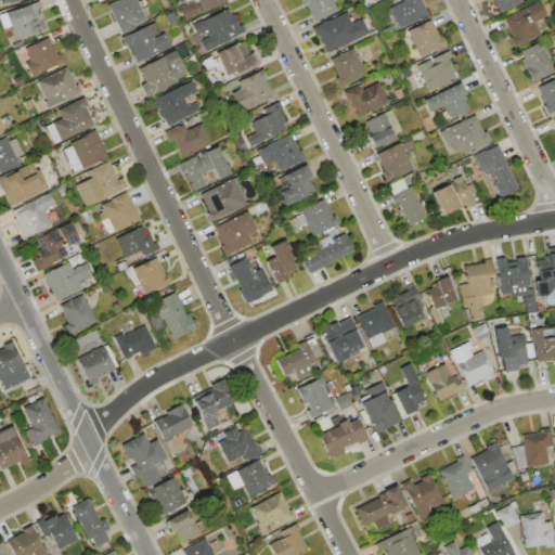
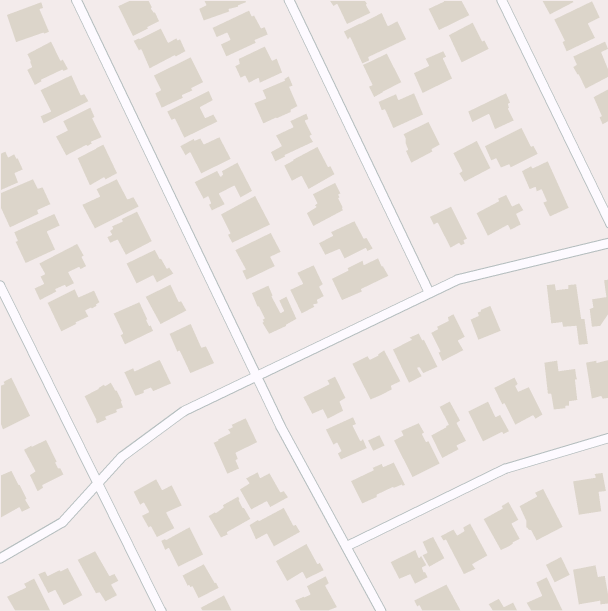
building: [422,51,459,91] -> [413,50,453,94]
building: [377,142,413,181] -> [452,140,491,183]
building: [459,259,495,319] -> none
building: [60,294,98,334] -> [112,301,154,345]
building: [154,403,194,442] -> [207,495,252,538]

